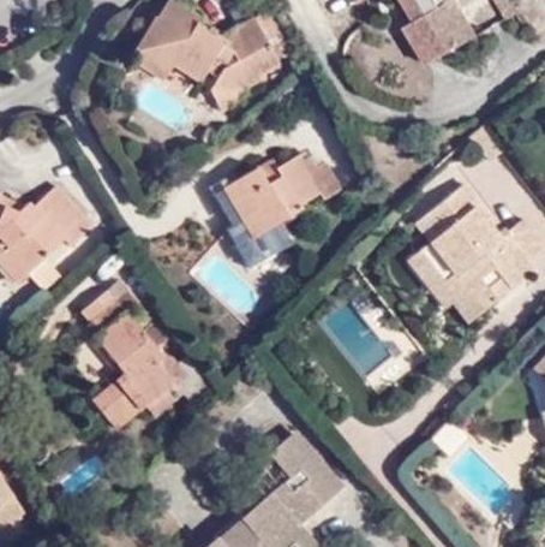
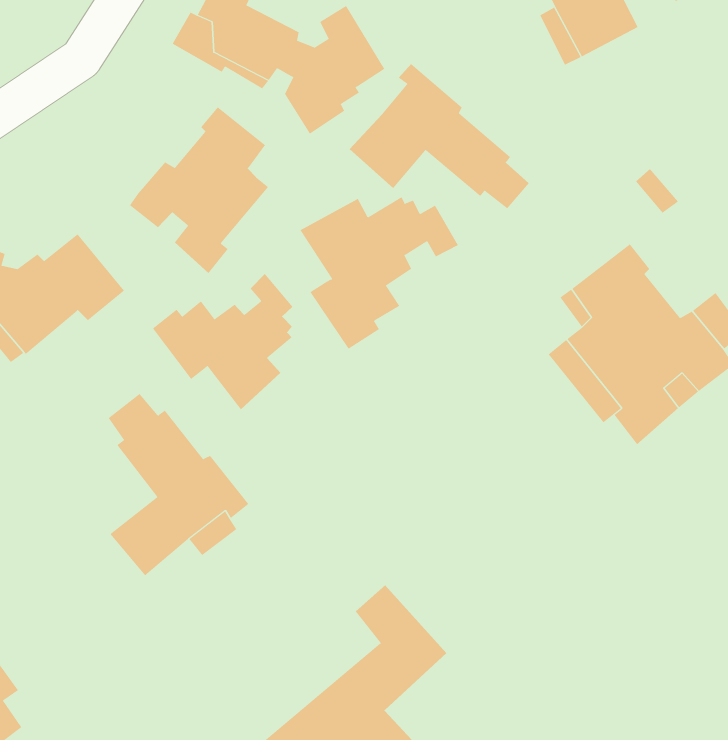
building: none -> [349,63,529,209]
building: none -> [129,107,269,274]
building: none -> [152,273,293,410]

